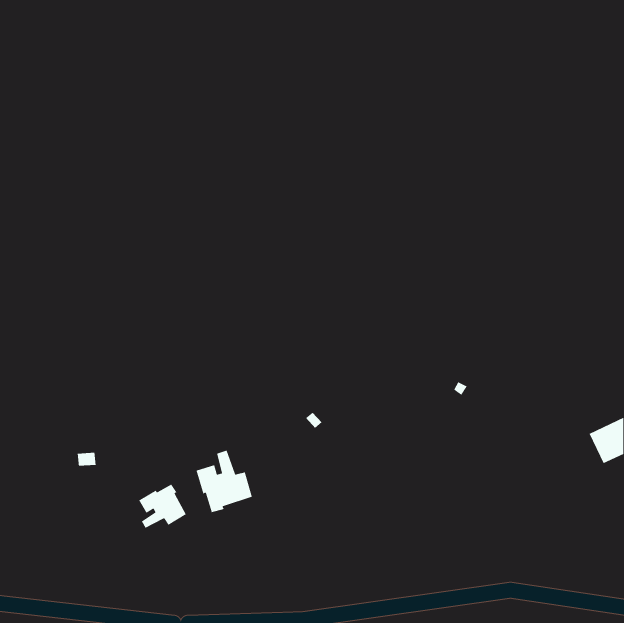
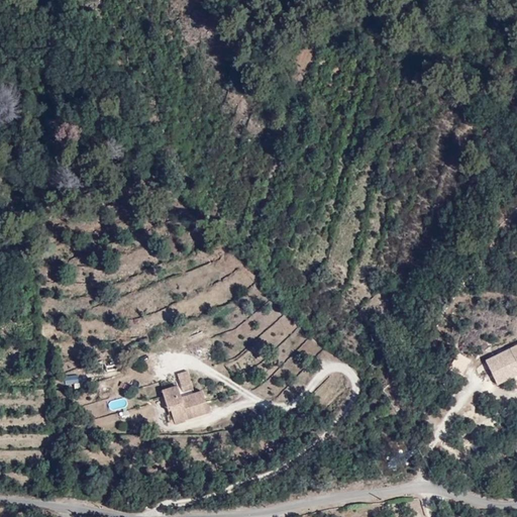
building: [138,483,187,529] -> none

